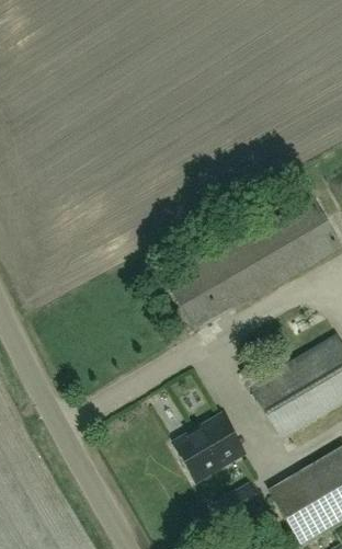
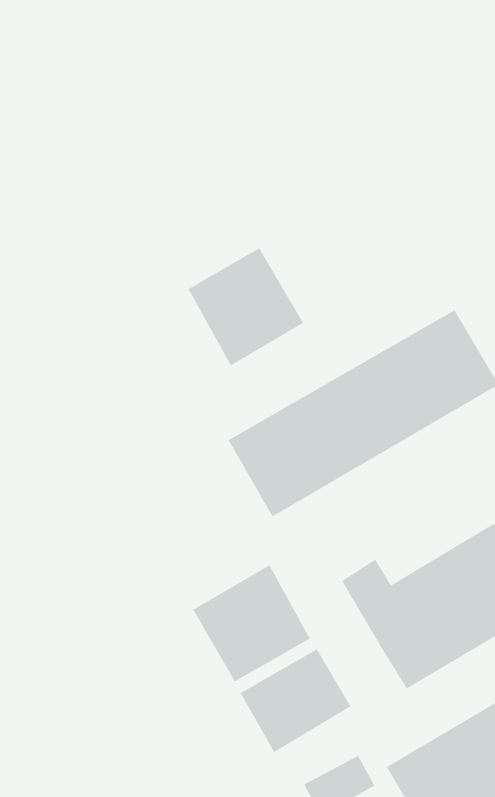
building: none -> [187,247,304,366]
building: none -> [192,564,311,682]

